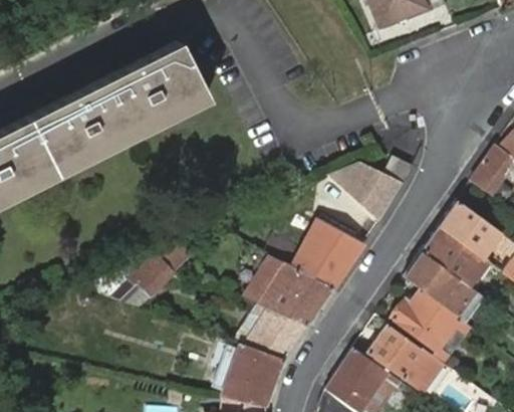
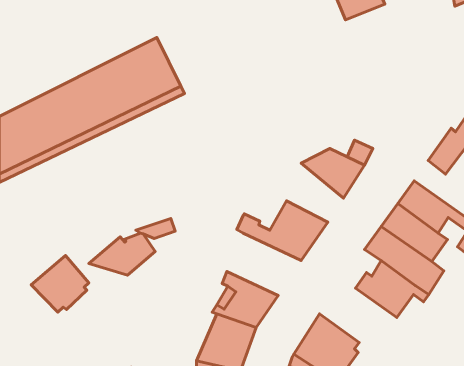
building: [244,258,332,327] -> none
building: none -> [31,256,89,312]
building: [368,327,446,395] -> none

